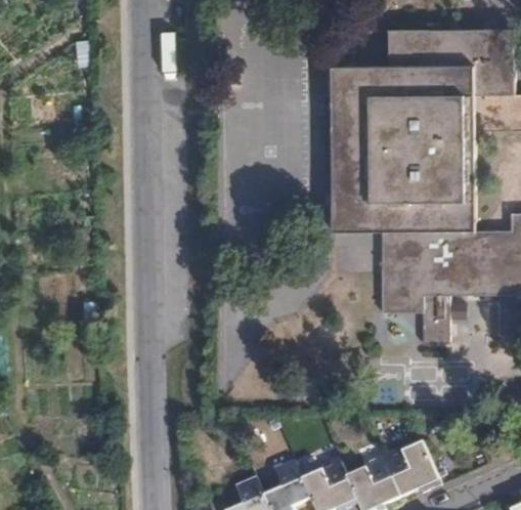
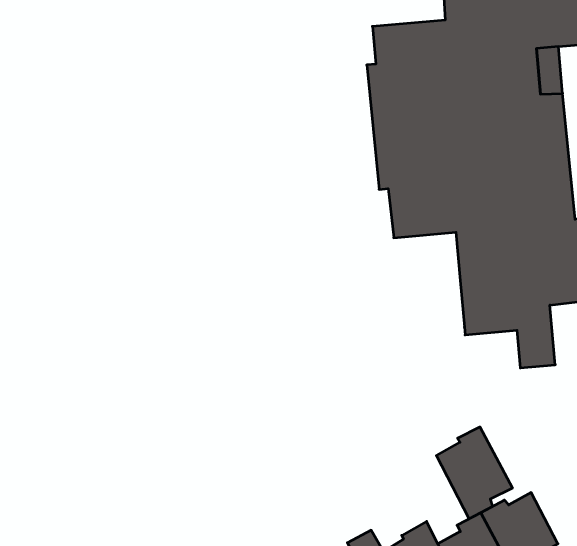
building: none -> [436,427,512,519]

